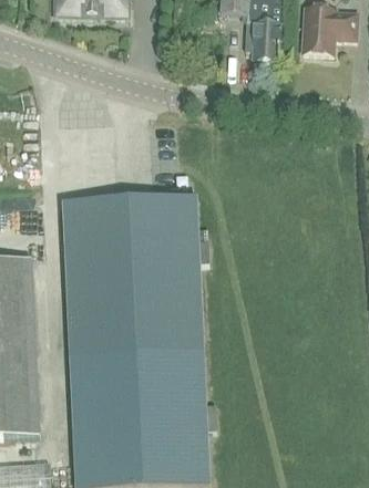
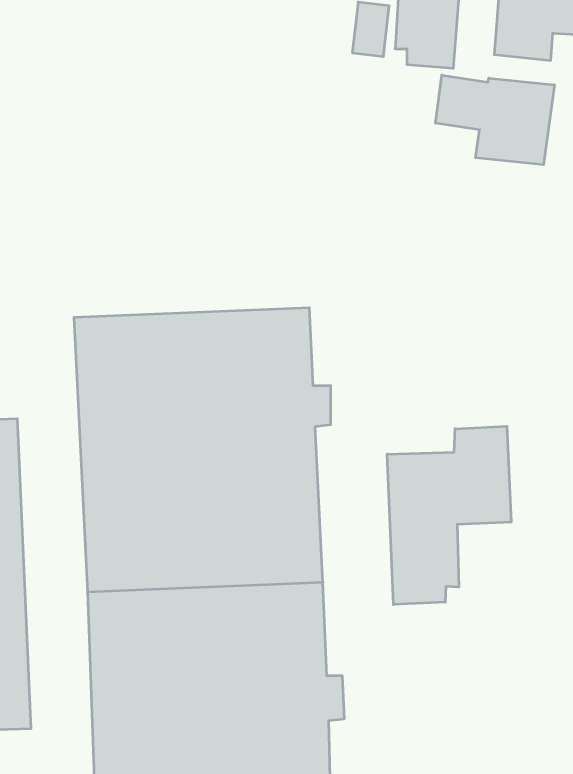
building: none -> [436,75,554,165]
building: none -> [387,426,511,605]

